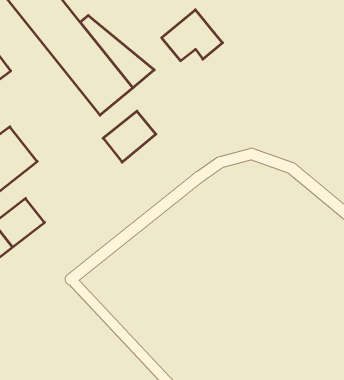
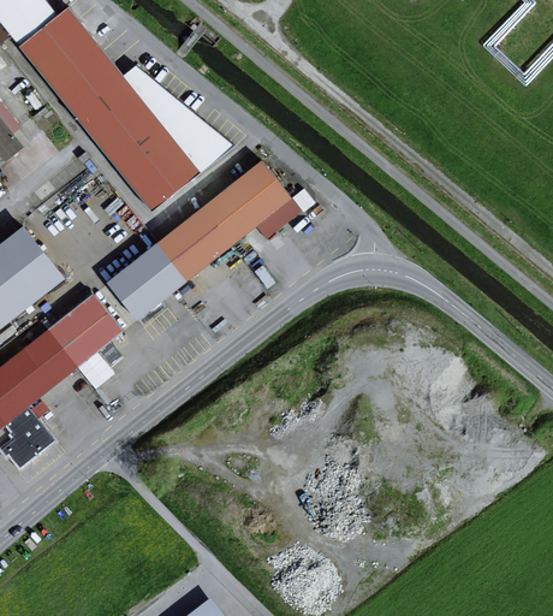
building: [162,10,223,61] -> [207,165,296,239]
building: none -> [108,245,185,320]
building: none -> [44,297,118,368]

